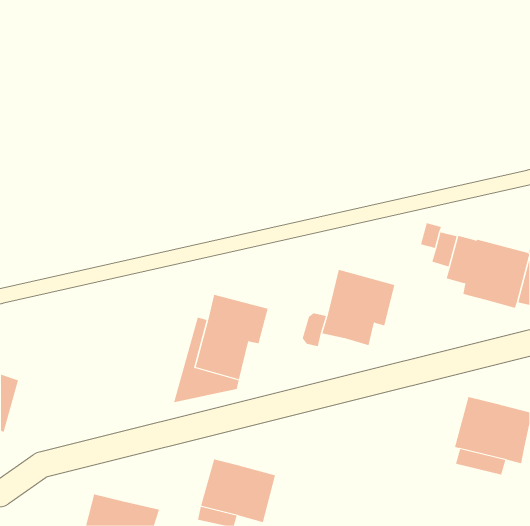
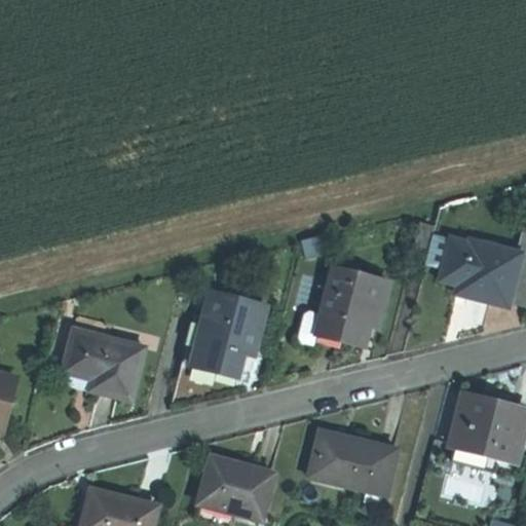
building: none -> [64,328,147,400]
building: none -> [309,427,399,493]

